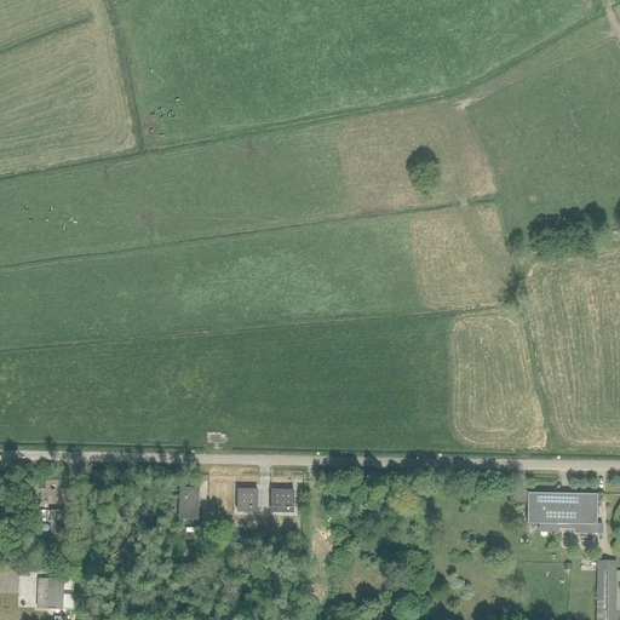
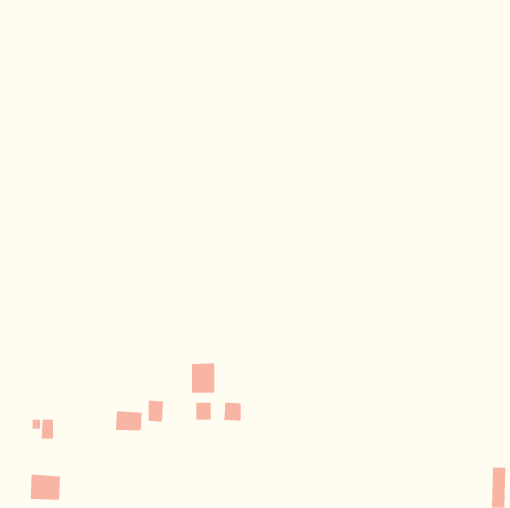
building: none -> [191,362,215,394]
building: [528,490,597,530] -> none
building: none -> [116,411,142,431]

